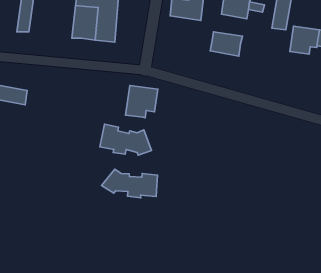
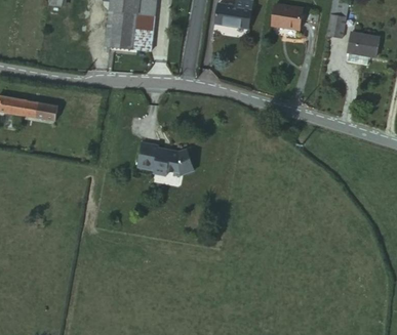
building: [210,32,243,56] -> none
building: [125,85,158,118] -> none
building: [101,169,157,198] -> none

